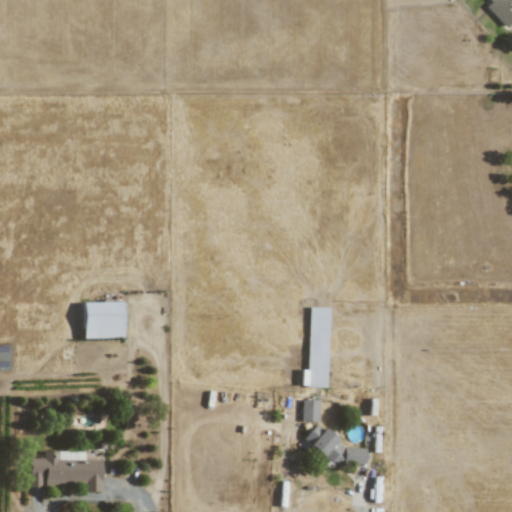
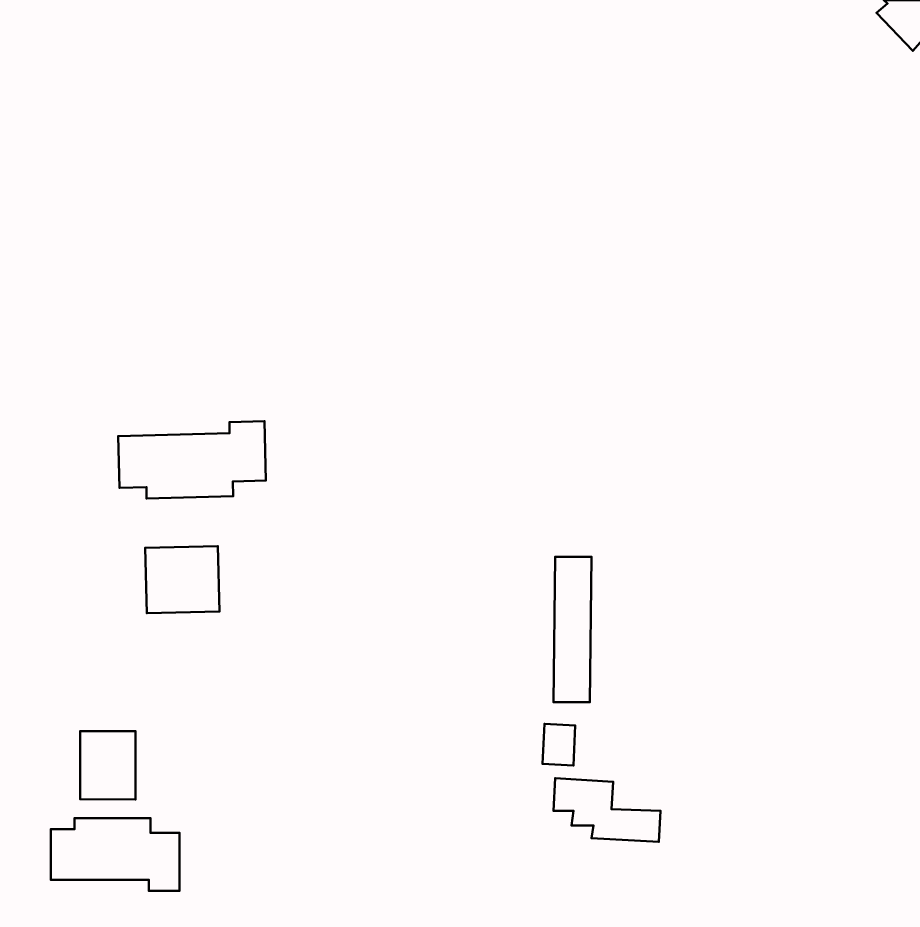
building: none -> [118,421,266,498]
building: none -> [80,731,136,799]

